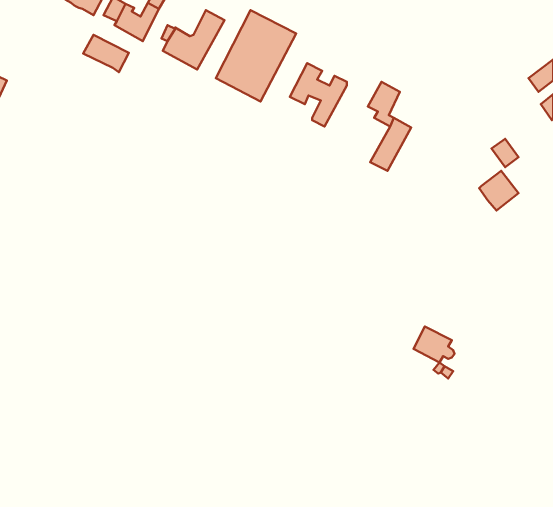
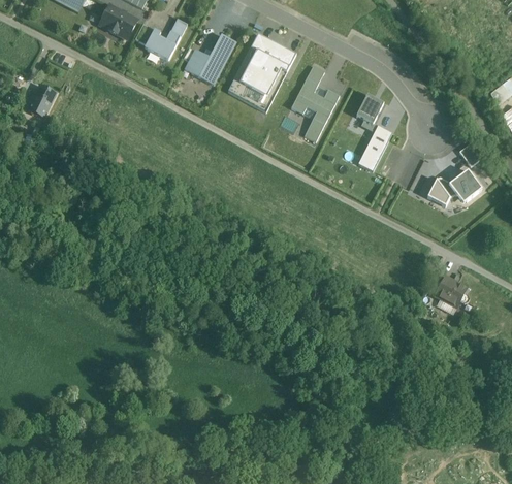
building: [83,35,129,72] -> none
building: none -> [427,175,456,204]
building: [414,327,454,362] -> [436,275,470,304]

